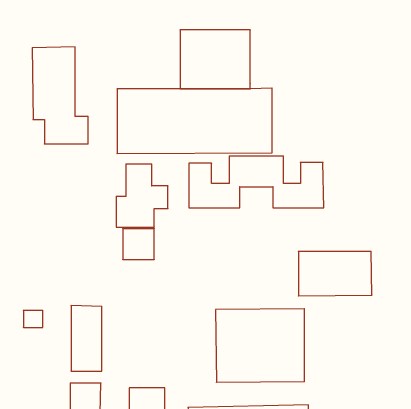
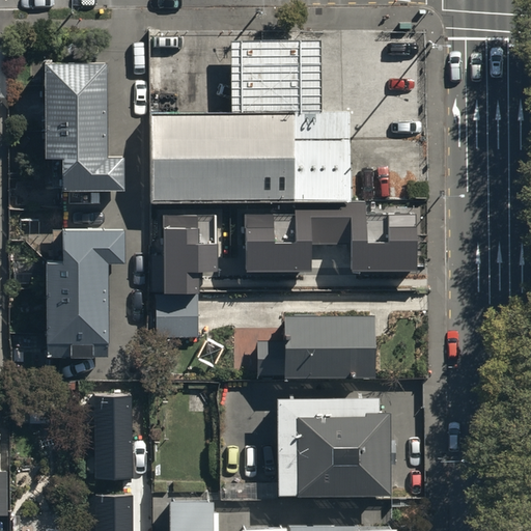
building: none -> [41,231,113,355]
building: [298,251,372,296] -> [283,318,378,375]

